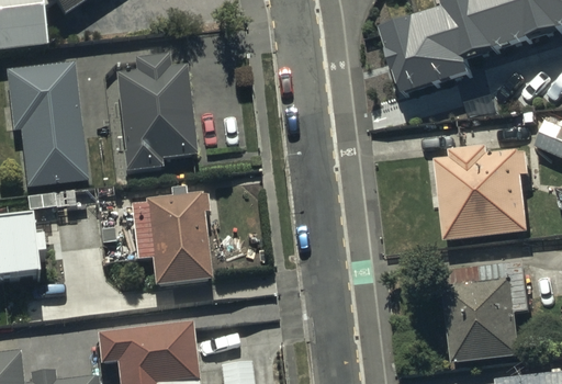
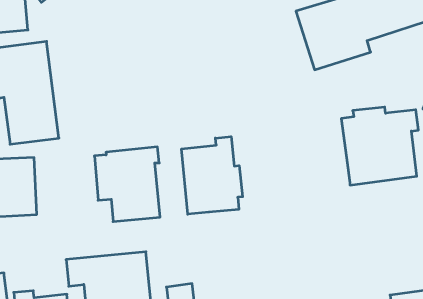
building: [117,54,195,171] -> none
building: none -> [182,137,243,214]
building: [436,259,530,361] -> none

